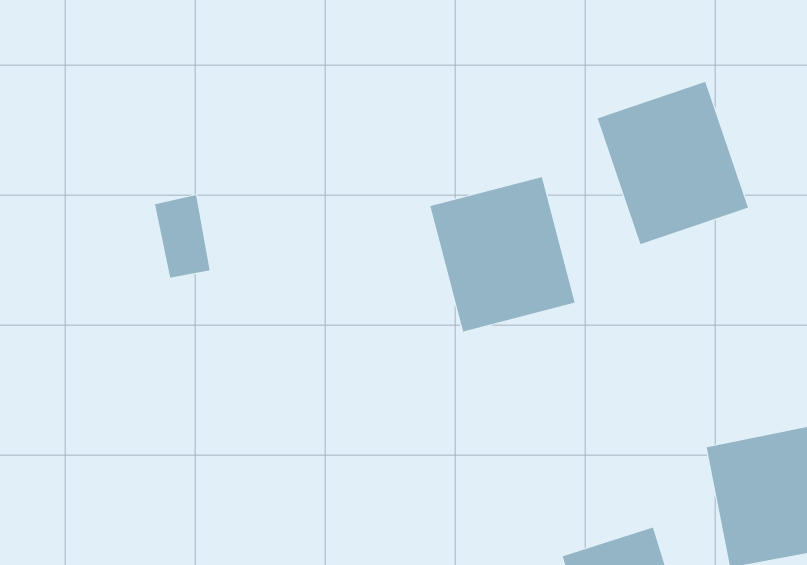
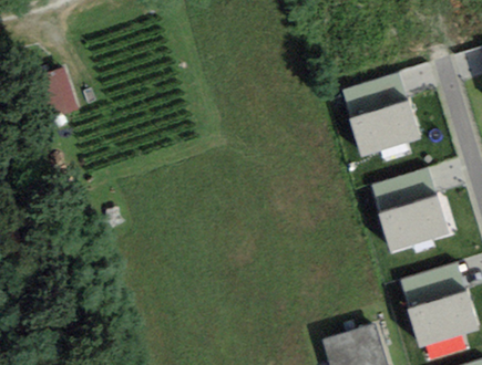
building: [429,176,576,332] -> [370,166,453,254]
building: [154,195,211,278] -> [43,65,75,113]

